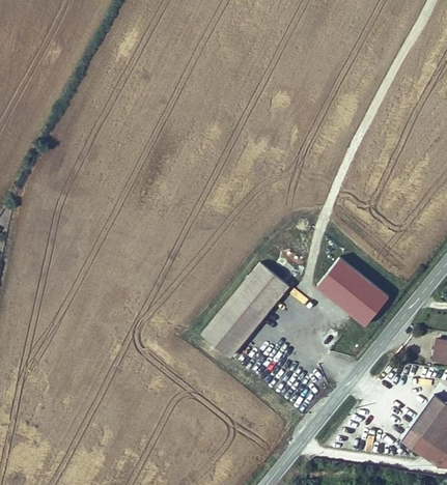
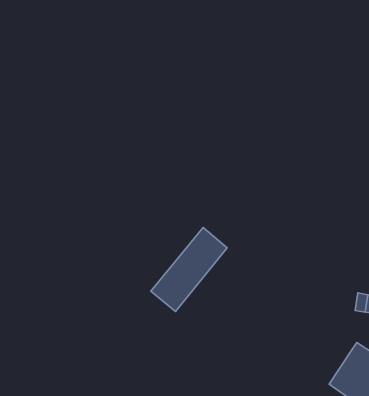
building: [318,257,391,325] -> none

